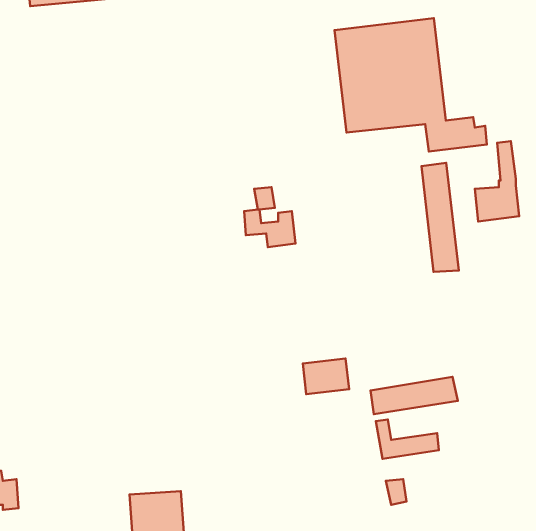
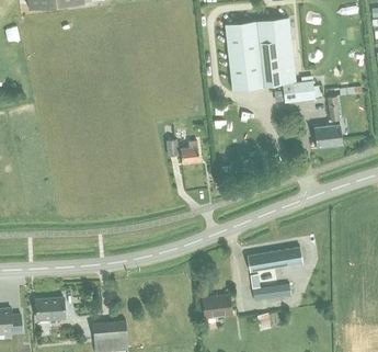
building: [421,163,459,272] -> none
building: [303,358,349,394] -> [202,294,231,317]
building: none -> [35,297,65,319]

